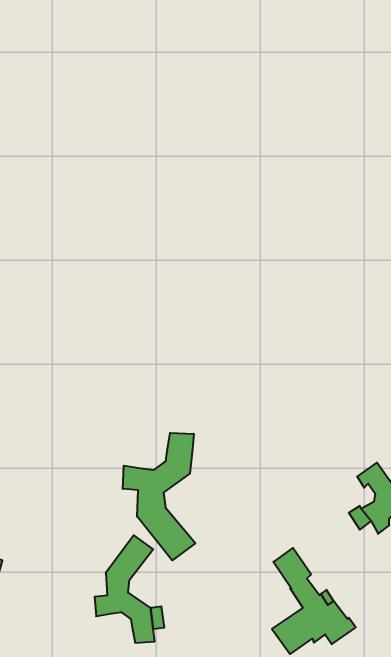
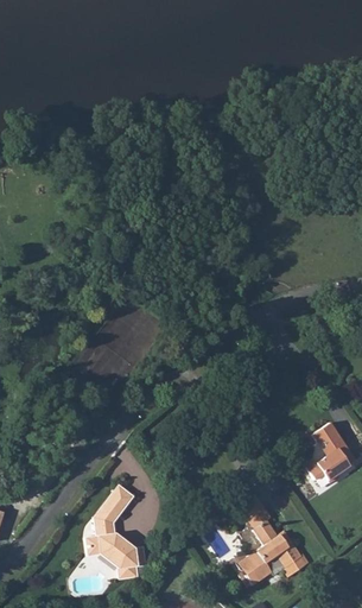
building: [123,433,195,560] -> none

